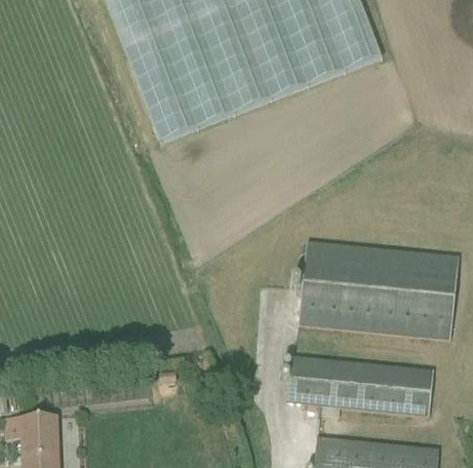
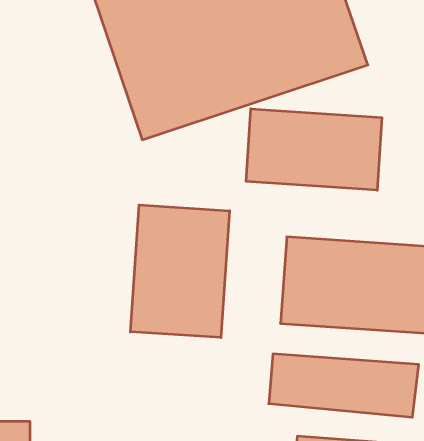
building: none -> [246,109,382,190]
building: none -> [130,205,230,338]

